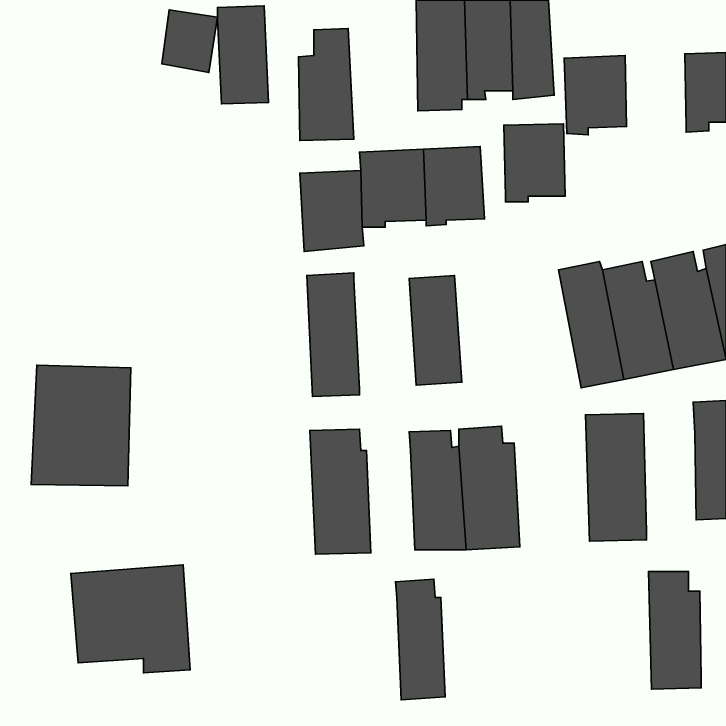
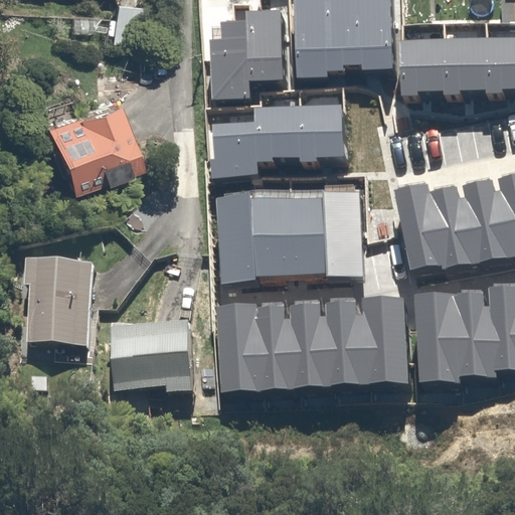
building: [217,6,269,104] -> [246,11,283,80]
building: [504,124,565,202] -> [443,38,486,94]
building: none -> [50,108,147,197]
building: none -> [322,188,365,278]
building: none -> [250,197,295,276]
building: none -> [363,297,409,387]
building: [71,565,190,673] -> [107,316,191,392]
building: [649,571,701,689] -> [456,293,493,376]
building: [395,579,445,700] -> [259,306,294,391]

